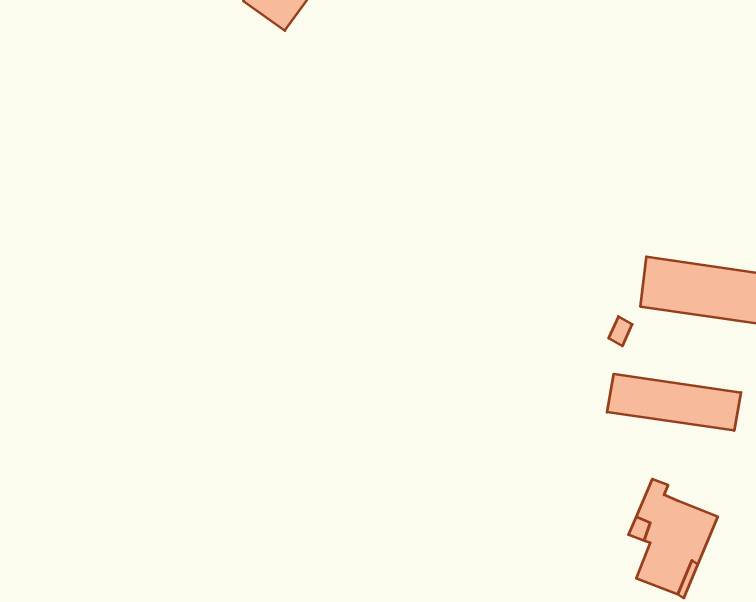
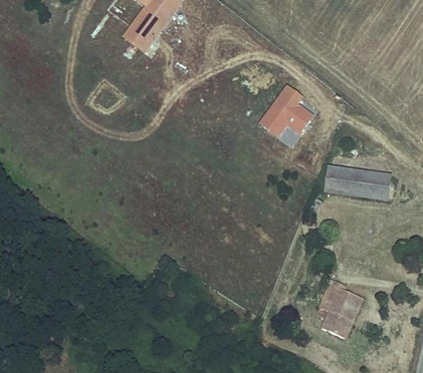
building: none -> [260,86,311,136]
building: [607,374,741,431] -> none

